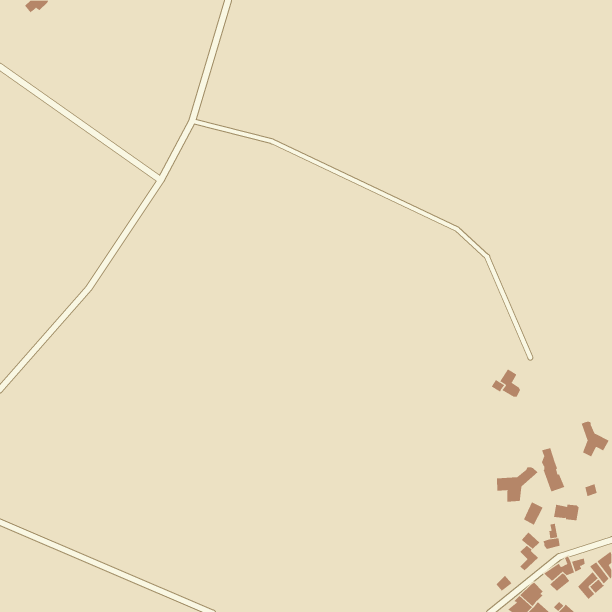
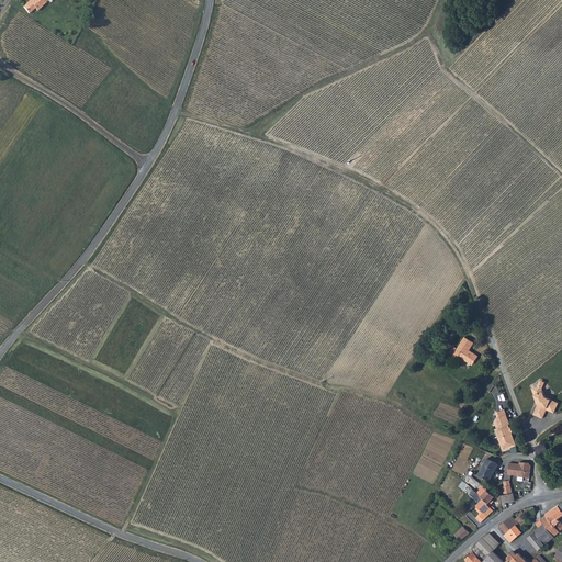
building: [497,466,538,503] -> none

